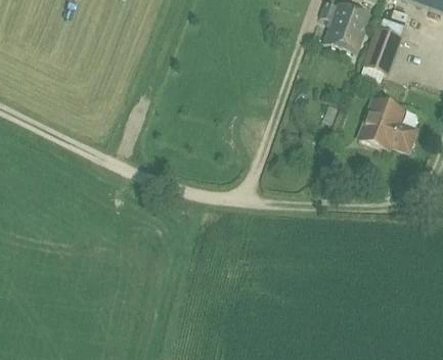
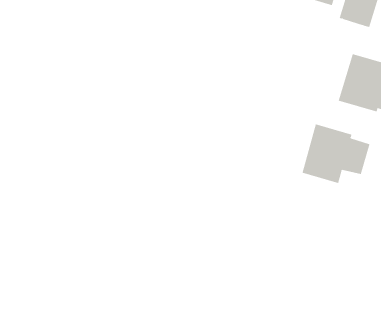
building: none -> [302,124,370,184]

